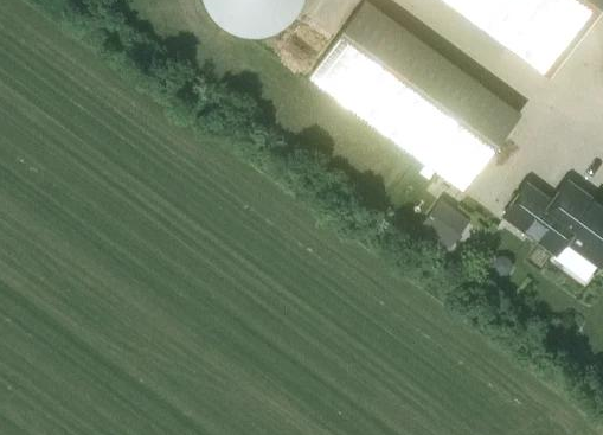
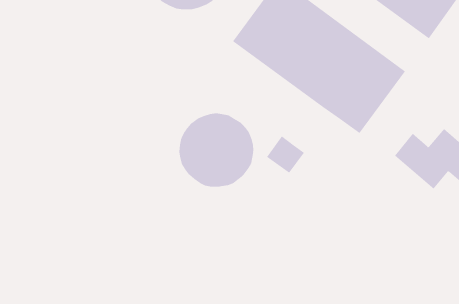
building: none -> [179,113,254,188]
building: [421,200,468,247] -> [266,135,305,173]

